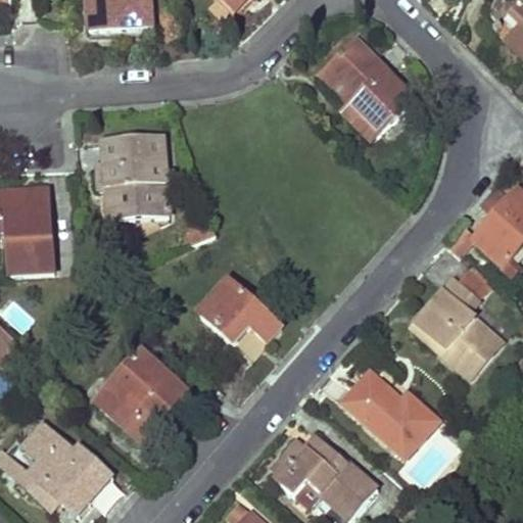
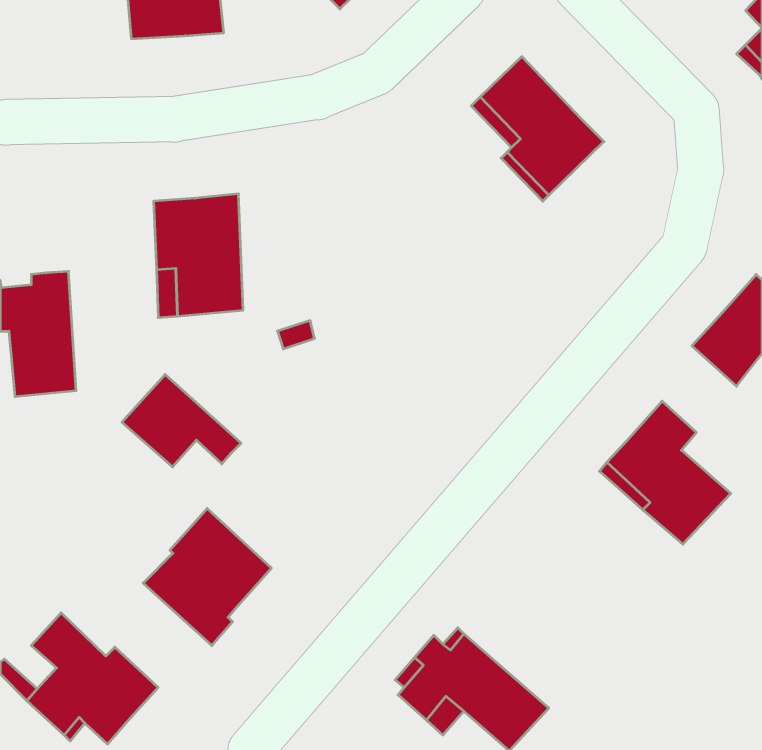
building: [199,278,281,341] -> [122,374,241,467]
building: [344,370,438,455] -> none

